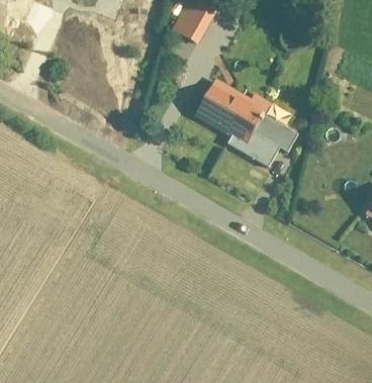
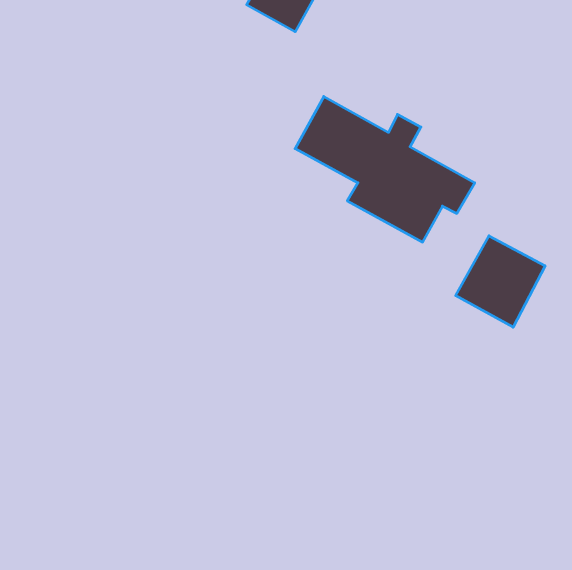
building: none -> [456,236,545,327]

